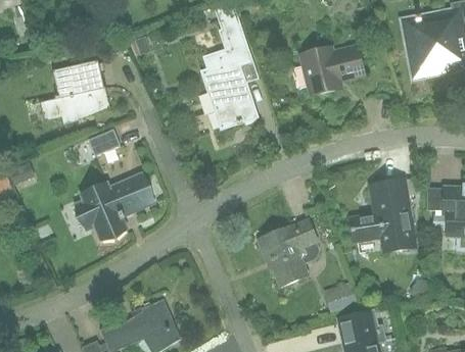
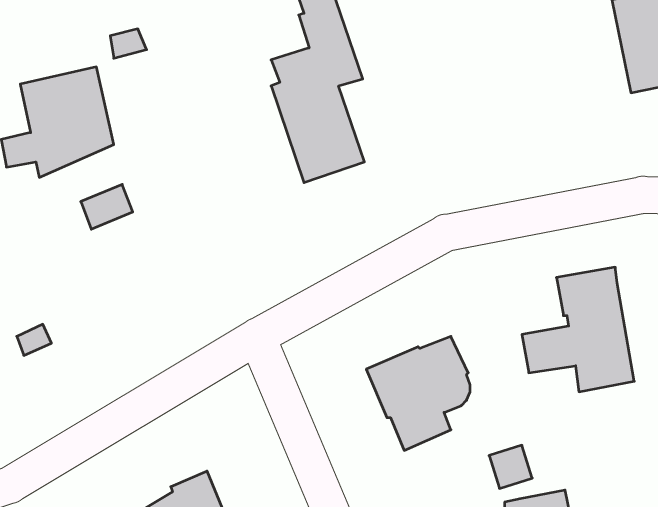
building: [299,44,363,96] -> none
building: [77,177,150,238] -> none

